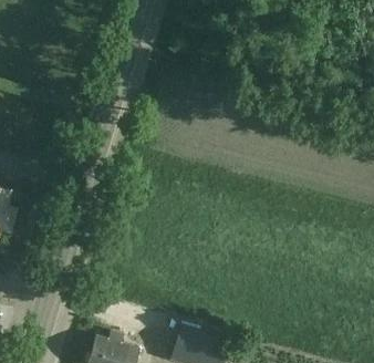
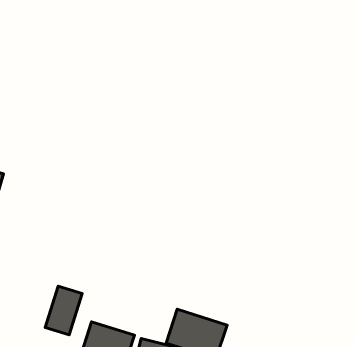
building: none -> [45,286,82,335]

